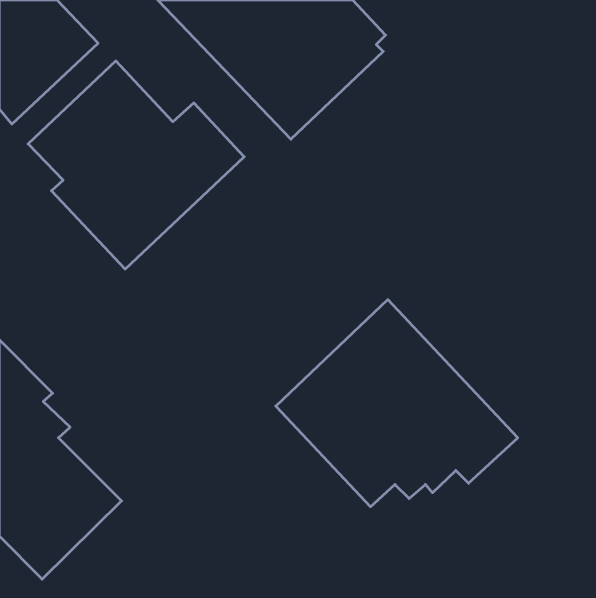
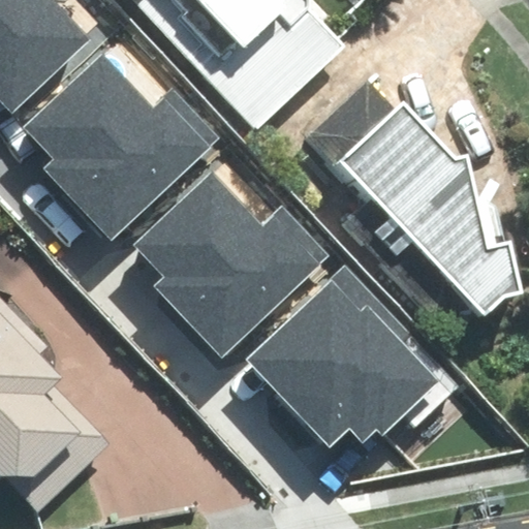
building: none -> [340,102,521,315]
building: none -> [135,174,325,353]

